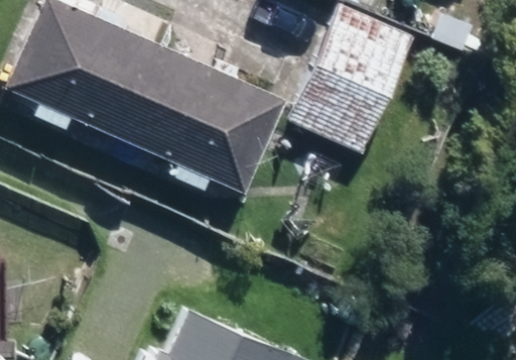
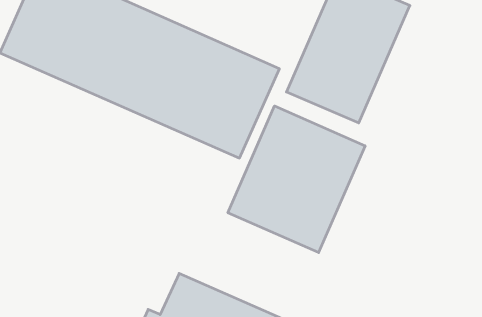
building: none -> [228,106,365,253]

